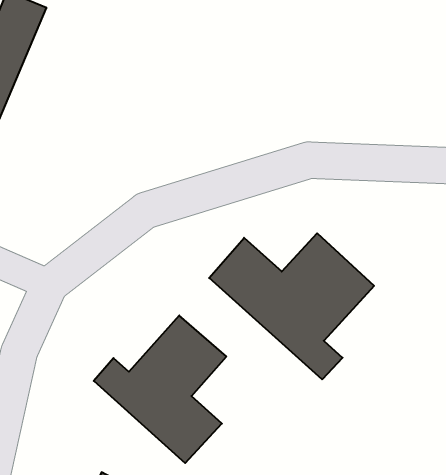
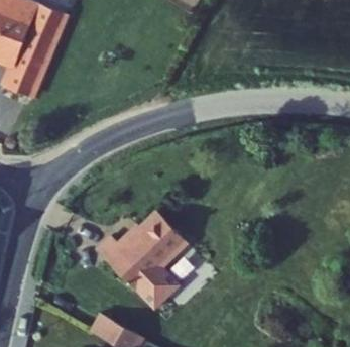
building: [209,233,374,379] -> none

